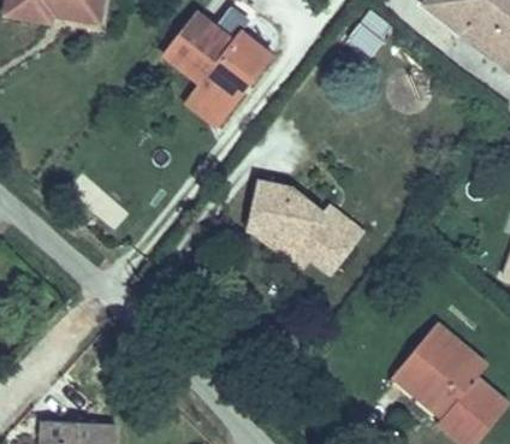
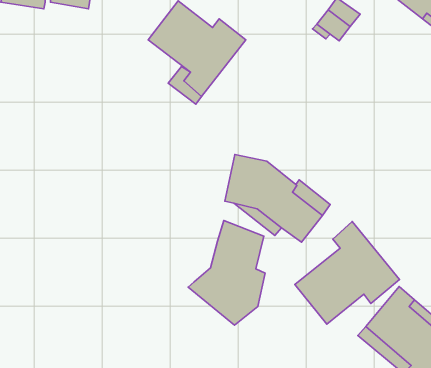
building: none -> [188,221,265,325]
building: none -> [295,222,400,324]

